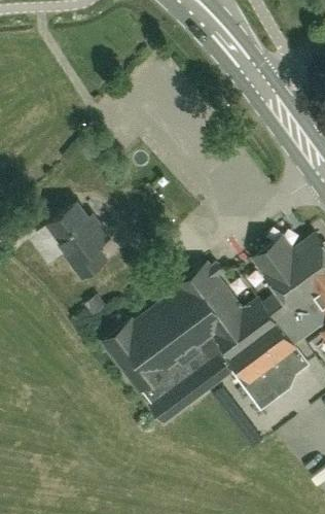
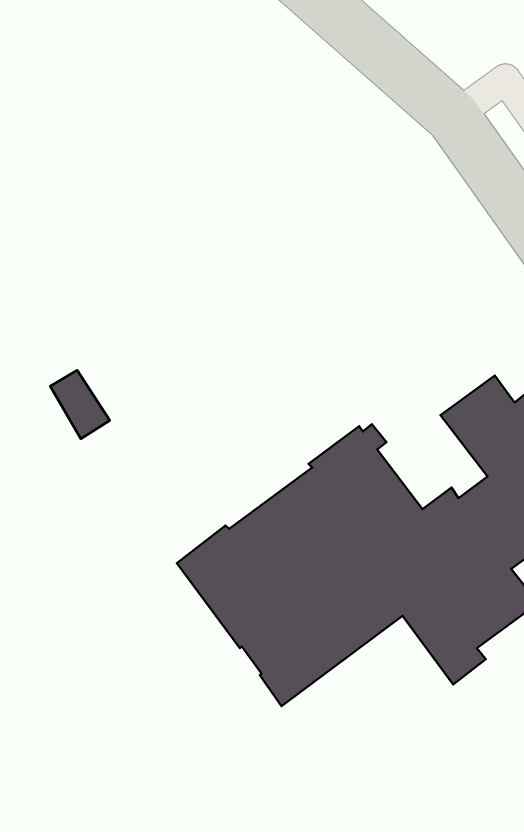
building: [48,203,109,278] -> none

